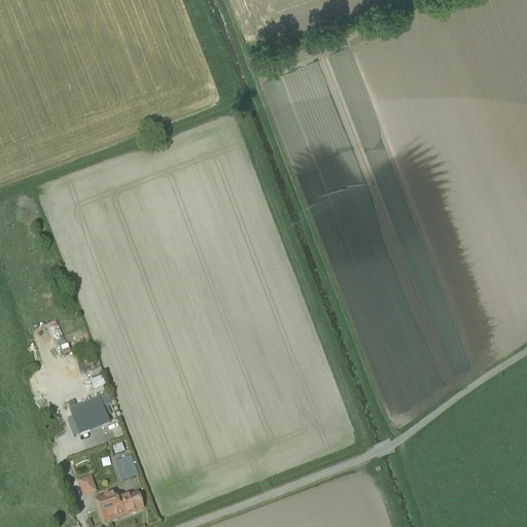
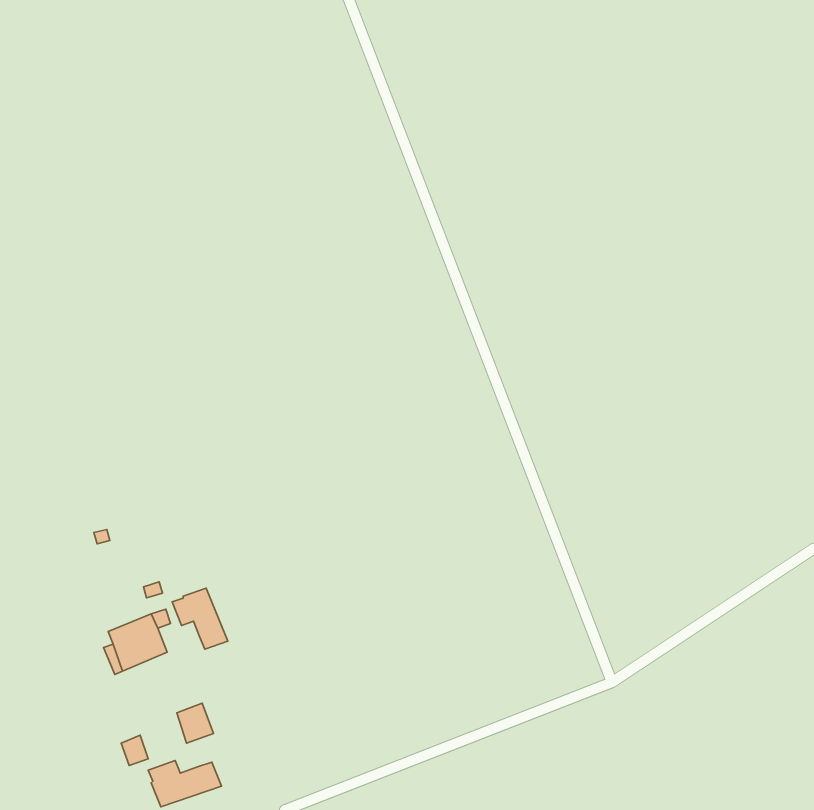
building: none -> [172,588,228,649]

